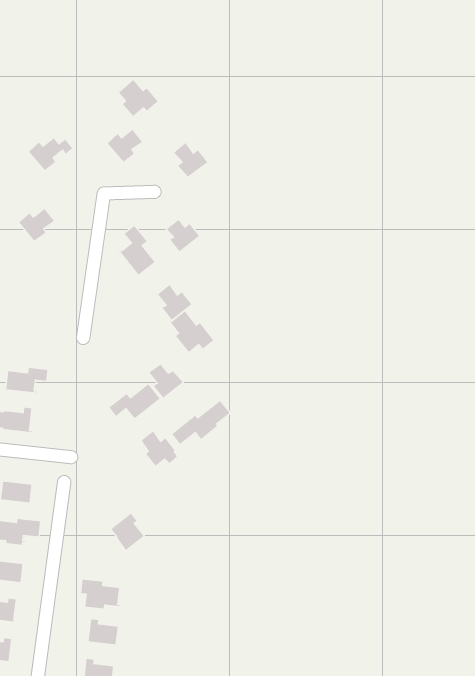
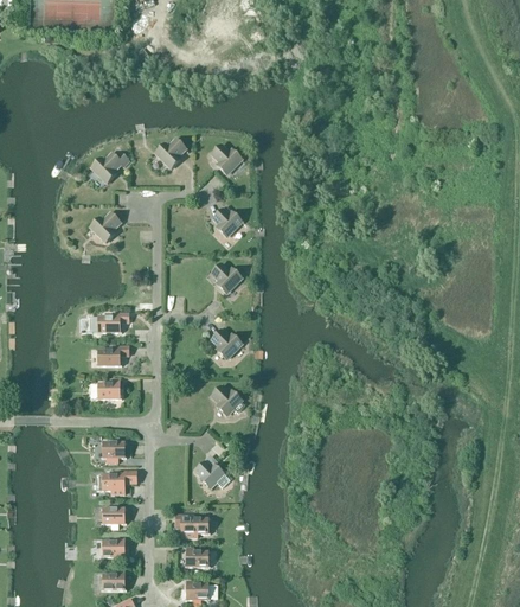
building: [116,79,159,117] -> none
building: [118,225,155,276] -> none
building: [168,311,214,353] -> none
building: none -> [96,312,129,332]
building: [109,384,160,421] -> none
building: [171,400,230,445] -> none

